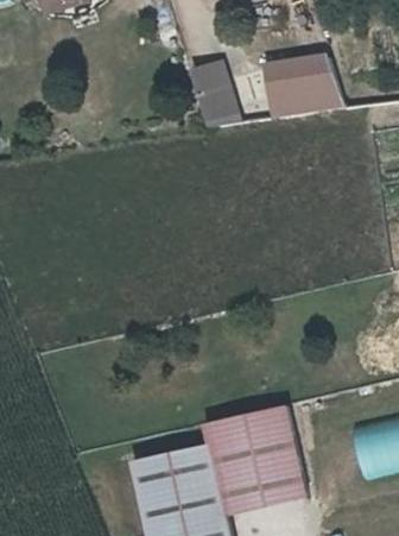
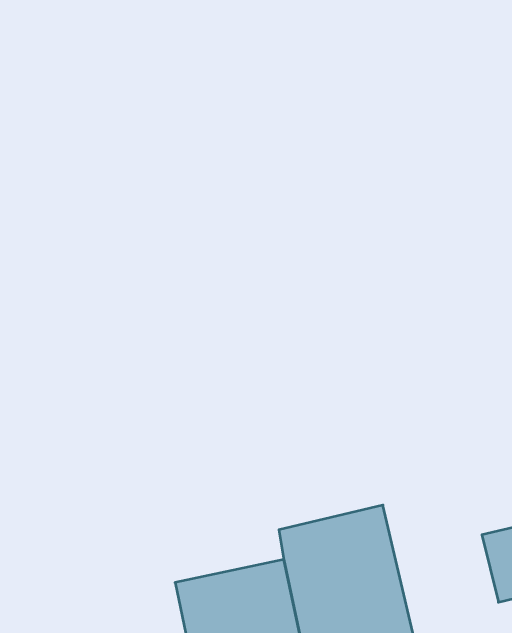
building: [264,48,344,119] -> none
building: [192,72,235,130] -> none

